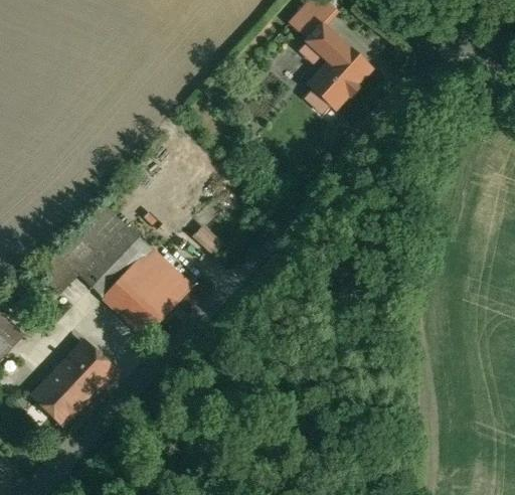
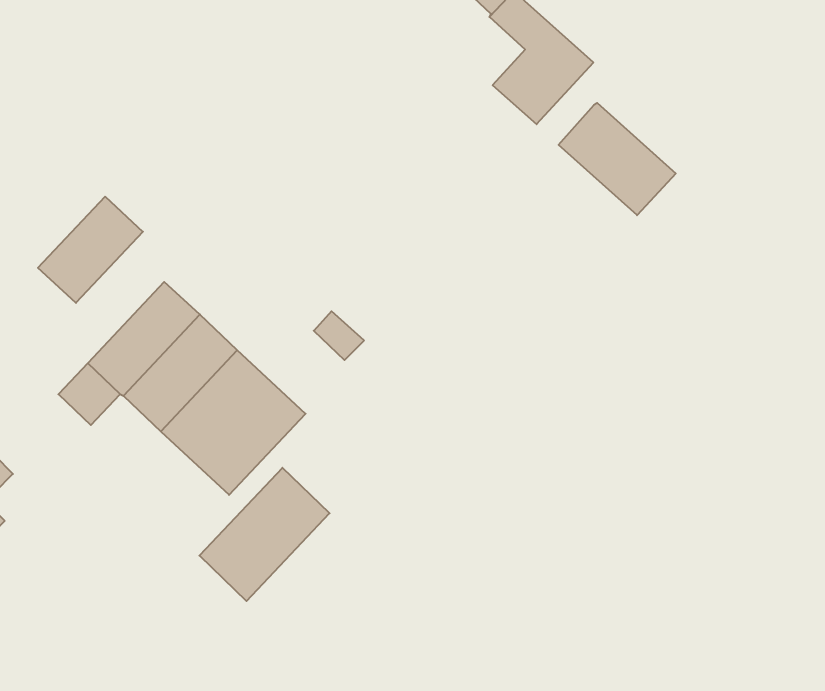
building: none -> [559,103,676,215]
building: none -> [38,197,143,303]
building: [33,342,114,425] -> [199,468,330,601]

